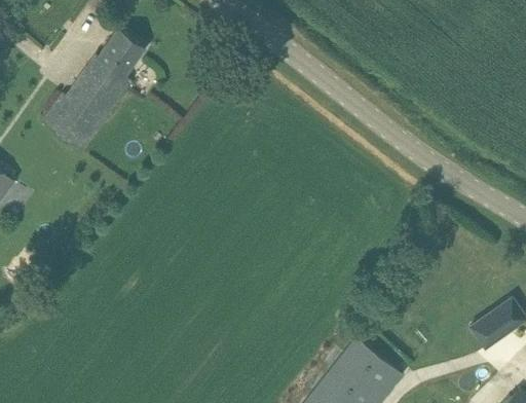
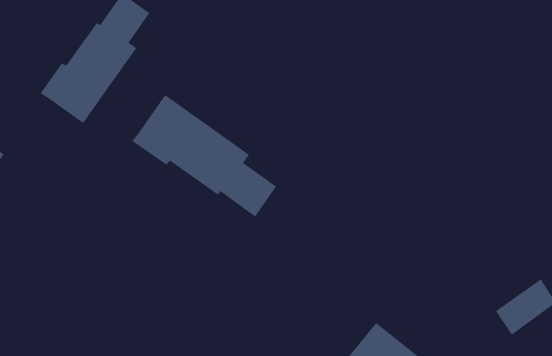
building: none -> [132,94,277,217]

